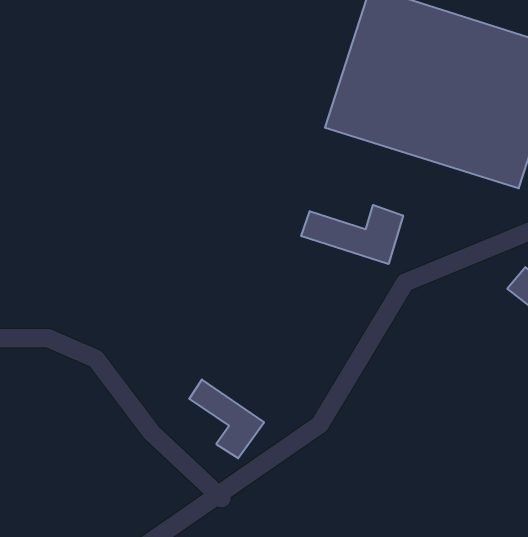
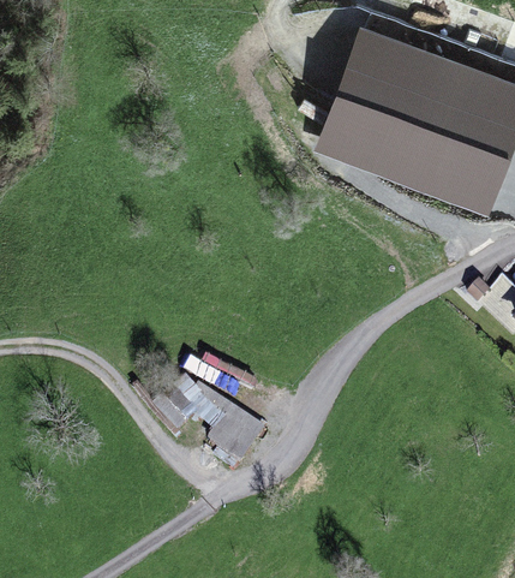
building: [301,205,403,264] -> none

